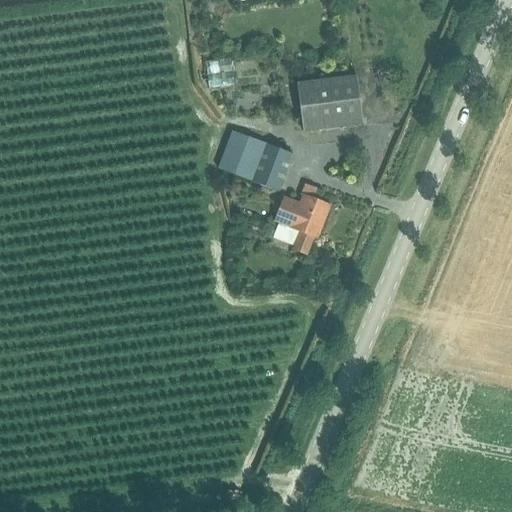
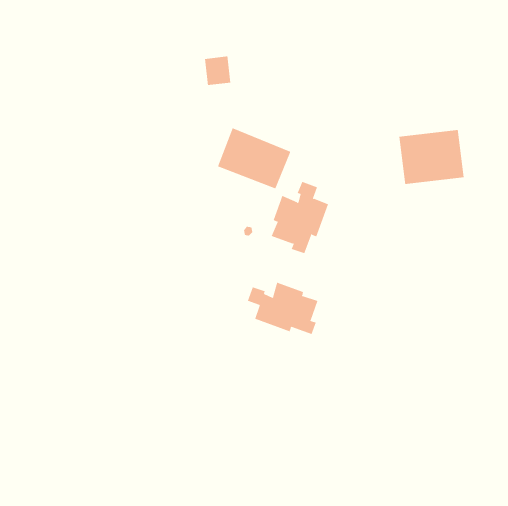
building: [297,76,363,131] -> [399,130,464,184]
building: none -> [247,282,318,335]

